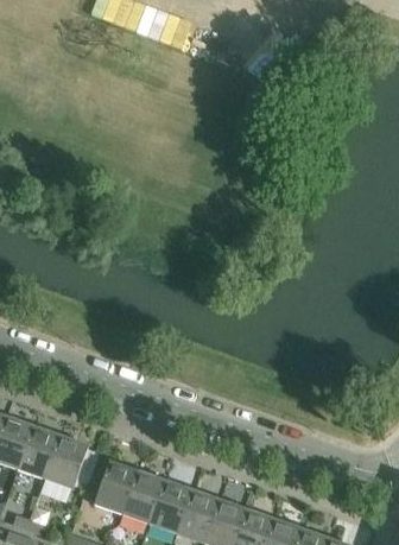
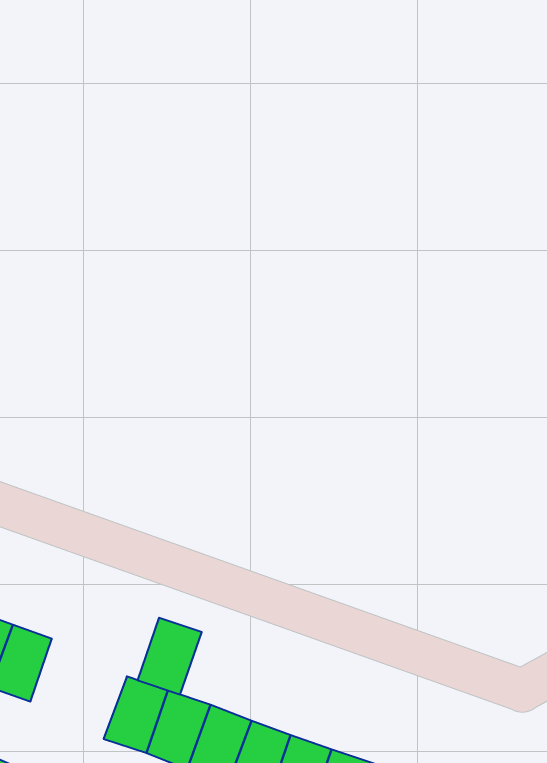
building: [45,436,88,487] -> [138,618,202,694]

